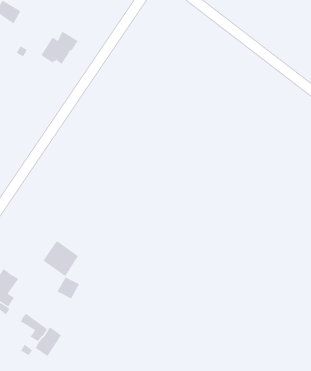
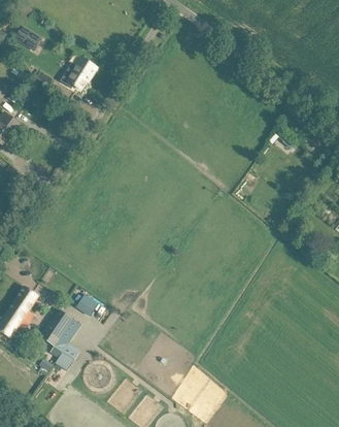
building: [43,240,79,277] -> [45,309,80,344]

